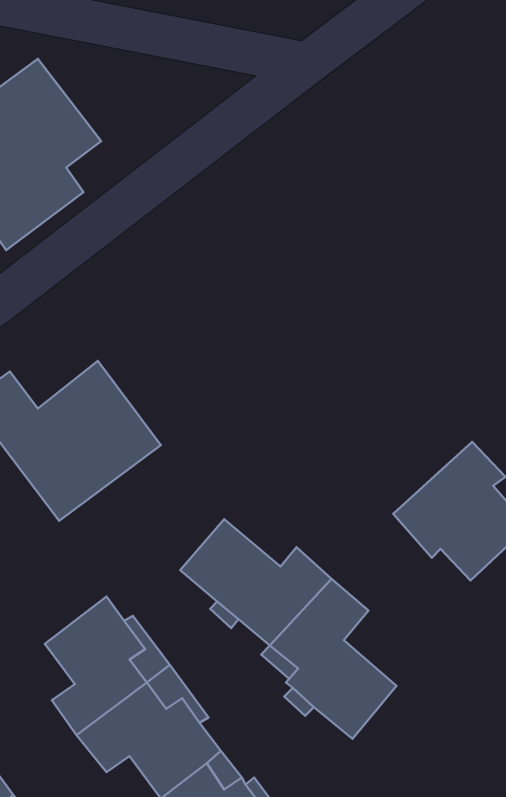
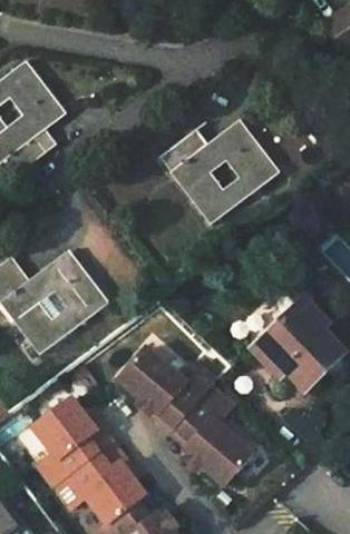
building: none -> [158,119,276,221]

